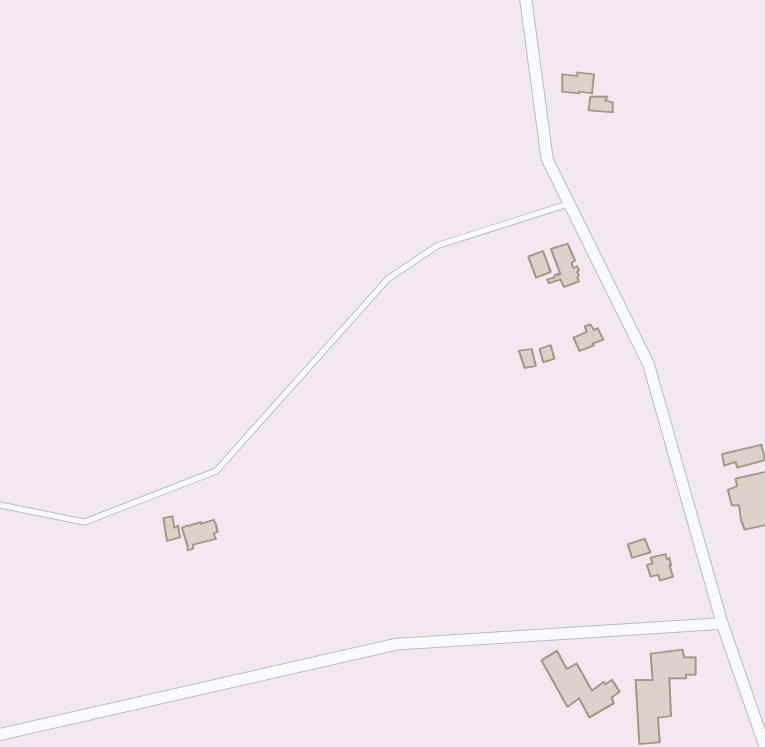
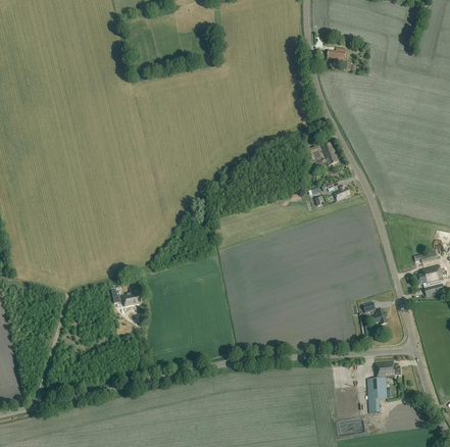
building: [542,651,619,717] -> none

